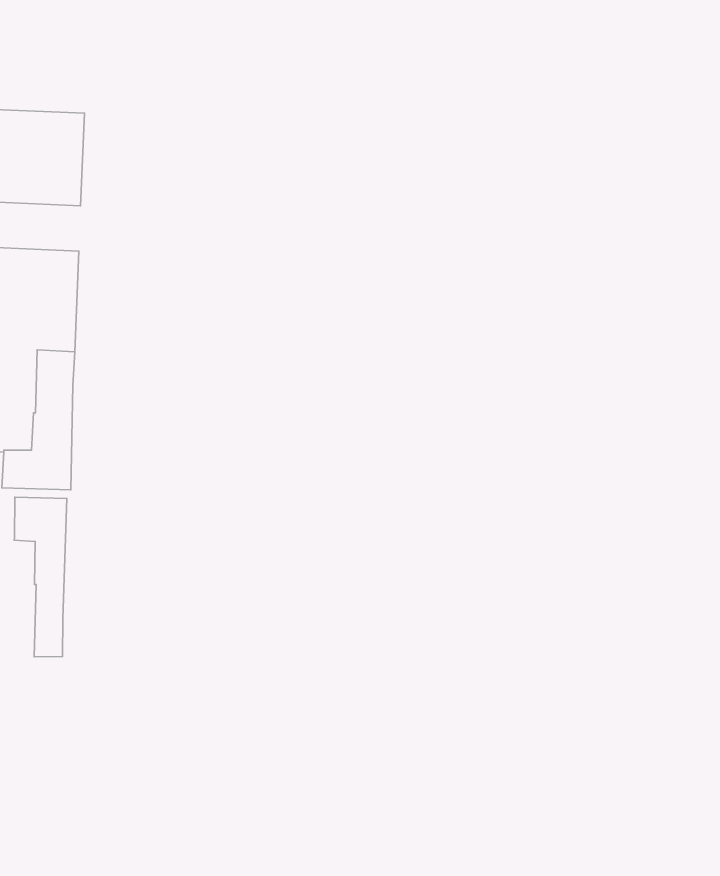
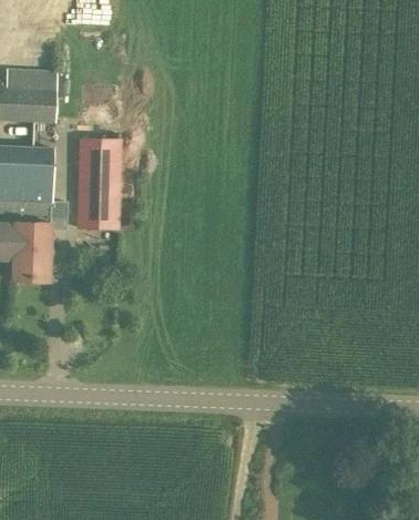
building: none -> [78,139,122,230]
building: [14,497,67,657] -> none

